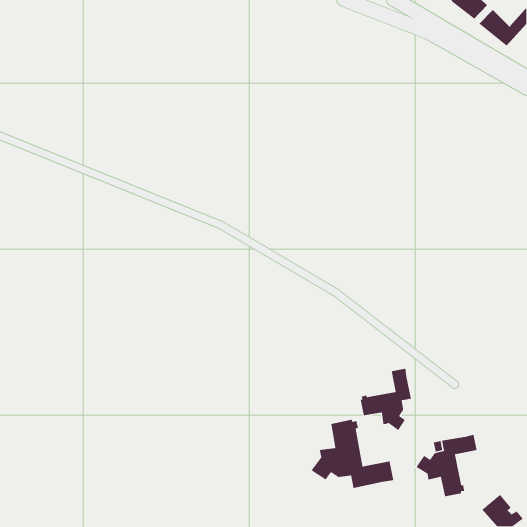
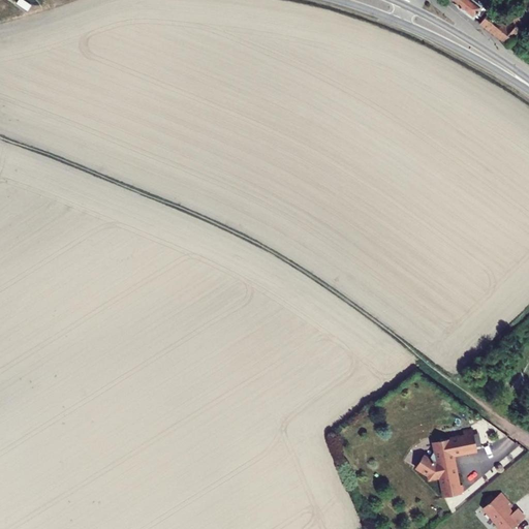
building: [360,368,412,431] -> none
building: [311,419,394,489] -> none

